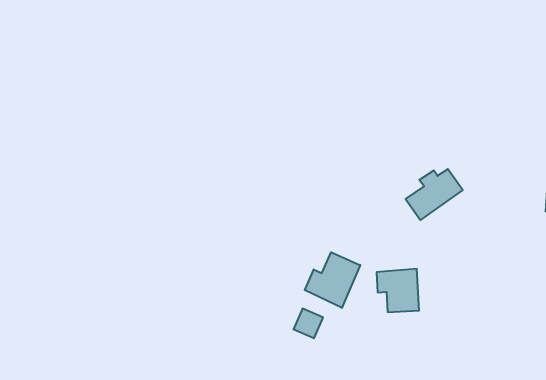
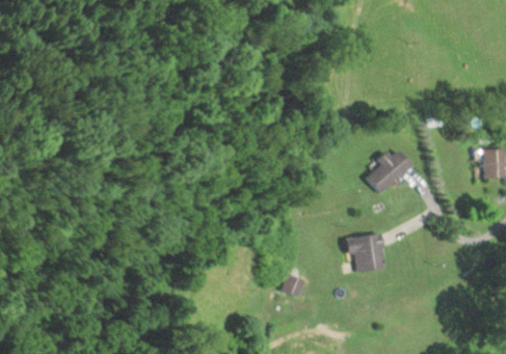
building: [305,252,360,308] -> none

